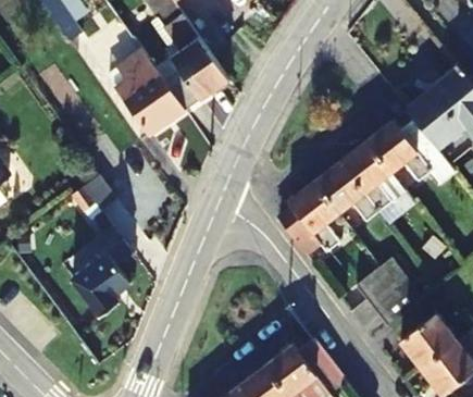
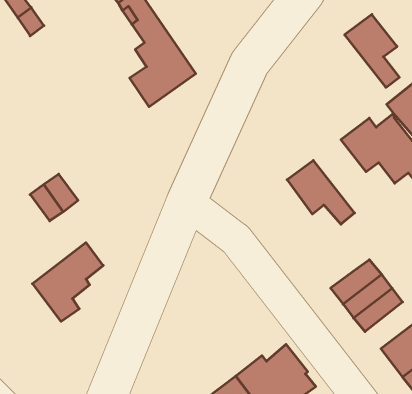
building: [107,51,183,137] -> none
building: [339,144,391,213] -> [345,14,399,87]
building: [287,182,341,255] -> none

